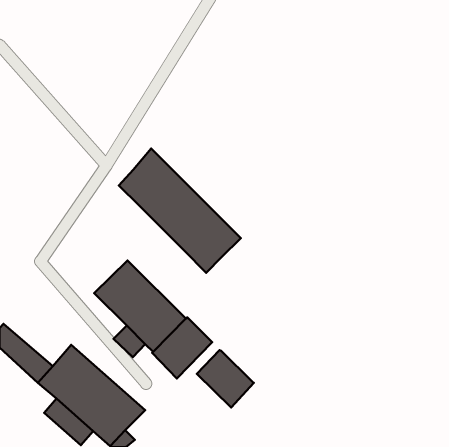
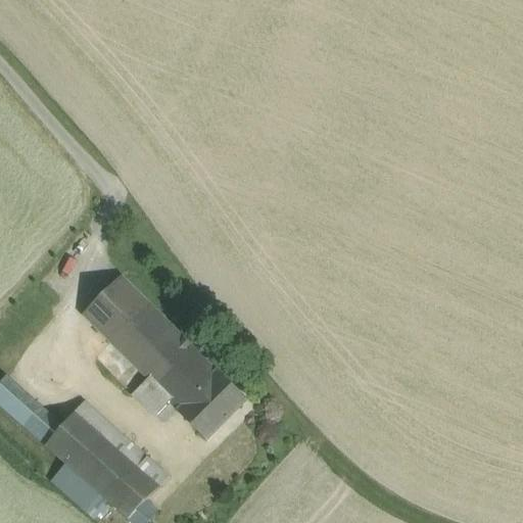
building: [119,149,241,273] -> none
building: none -> [83,275,148,340]
building: [197,350,254,407] -> none

